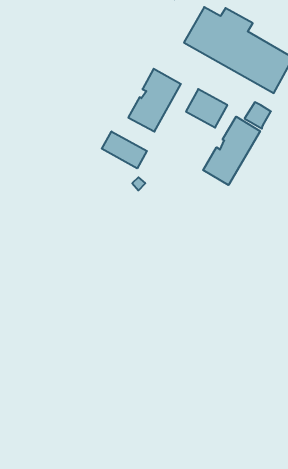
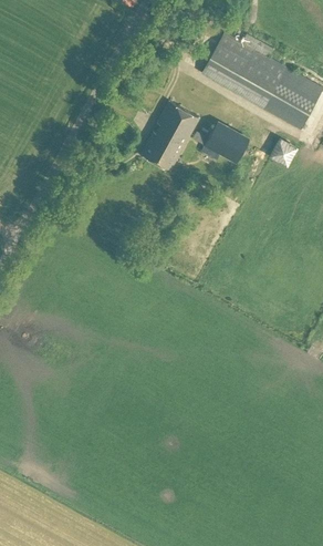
building: [203,117,260,185] -> none
building: [102,131,147,168] -> none

